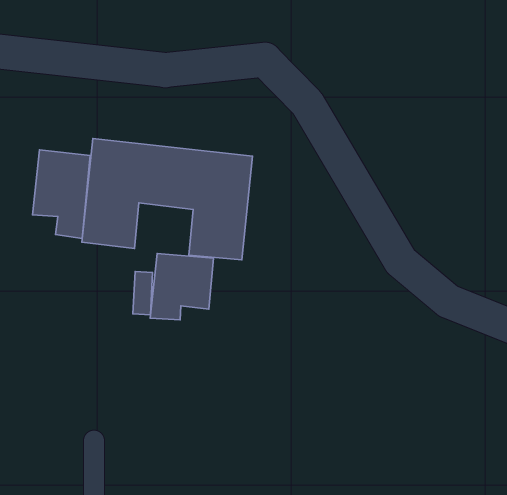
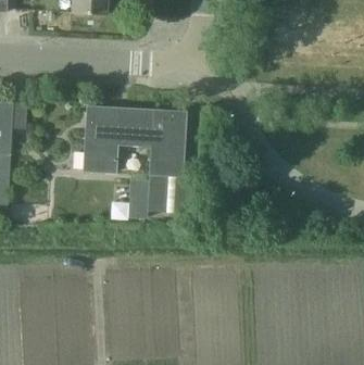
building: [33,150,90,239] -> none

